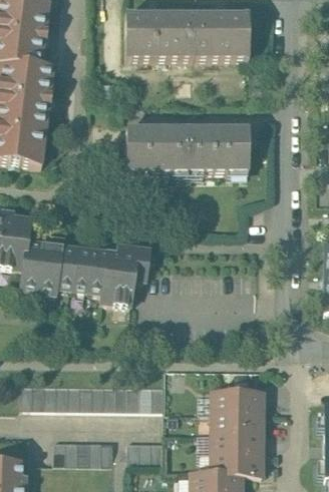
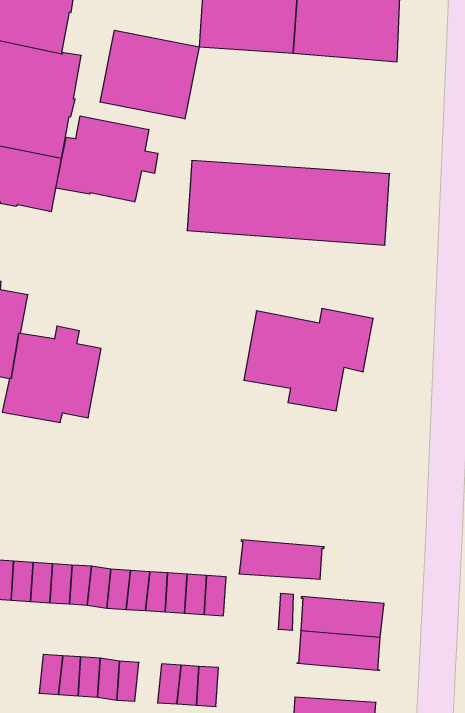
building: none -> [100,30,199,119]
building: none -> [56,116,158,202]
building: [72,242,149,305] -> [244,309,373,411]
building: [211,432,262,453] -> [239,540,324,579]

